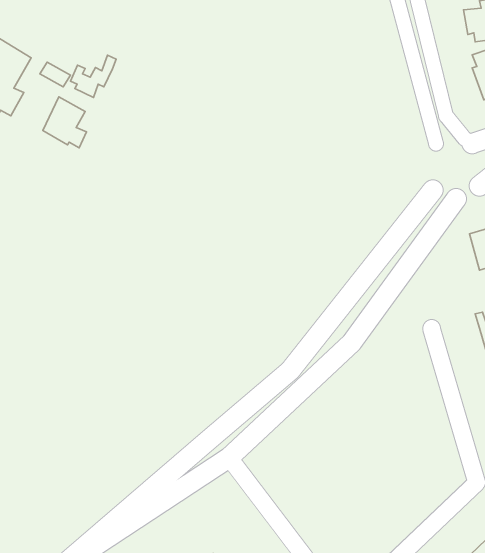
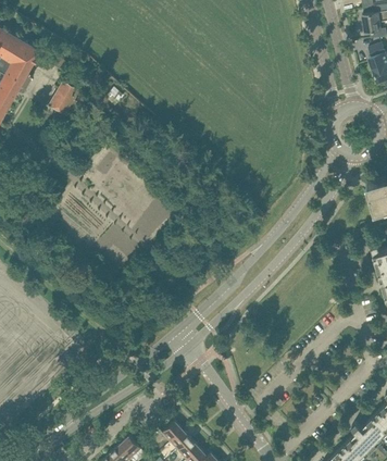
building: [71,55,116,97] -> none

